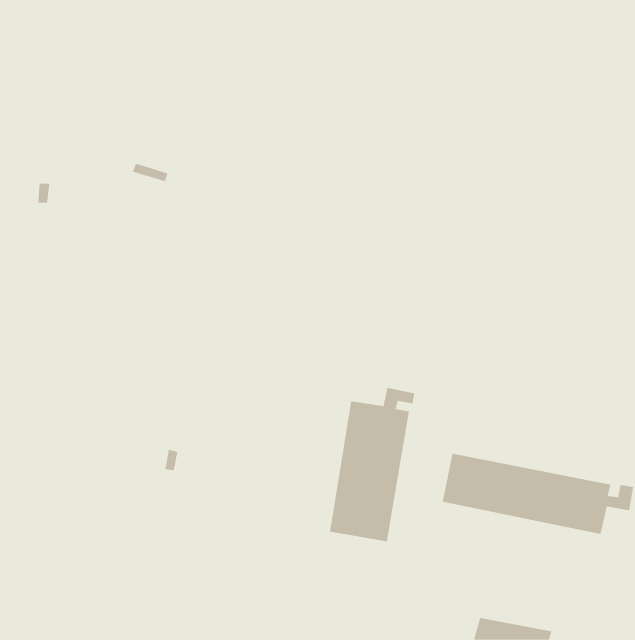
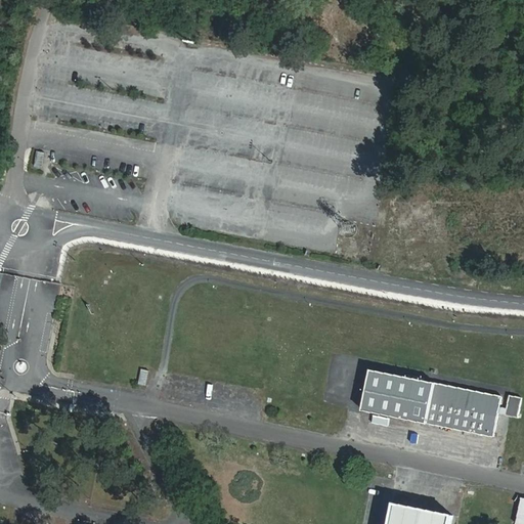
building: [330,387,415,542] -> none

